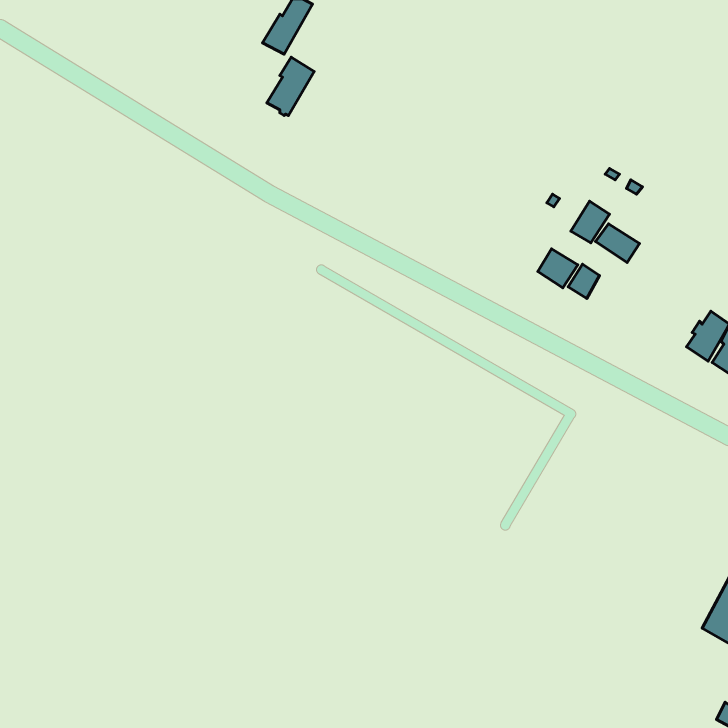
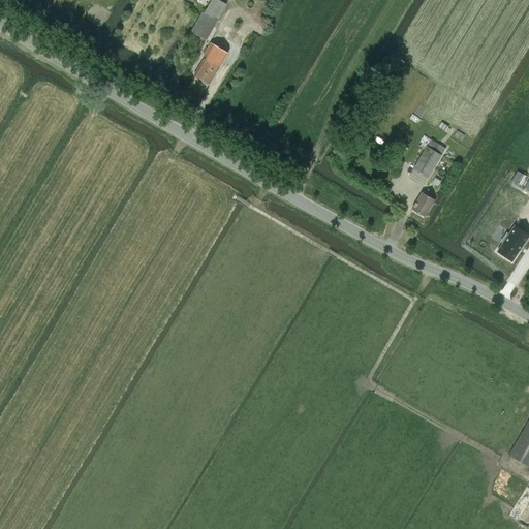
building: [596,224,640,263] -> none
building: [538,249,578,288] -> none

